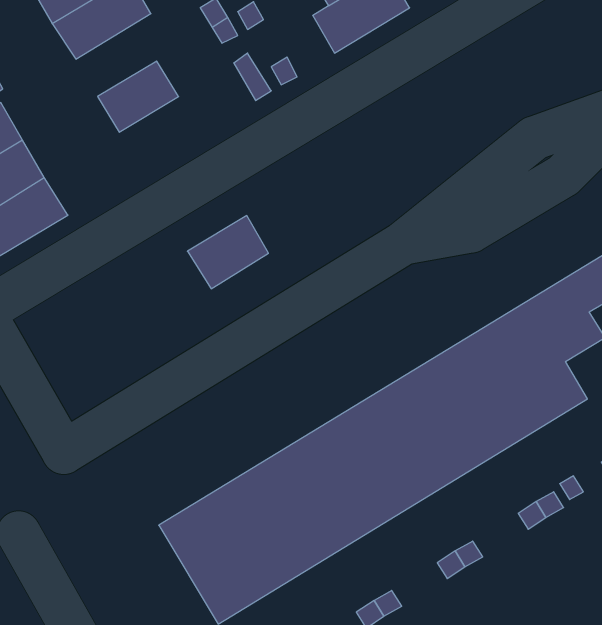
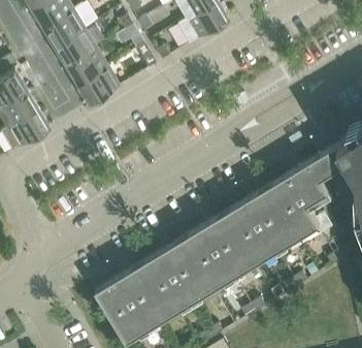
building: none -> [52,26,102,69]
building: [187,216,268,289] -> [74,69,117,107]

